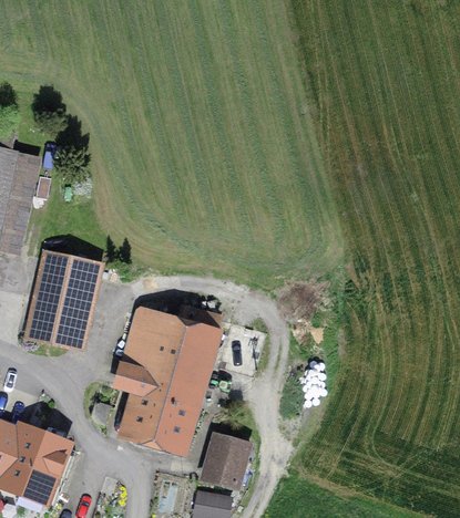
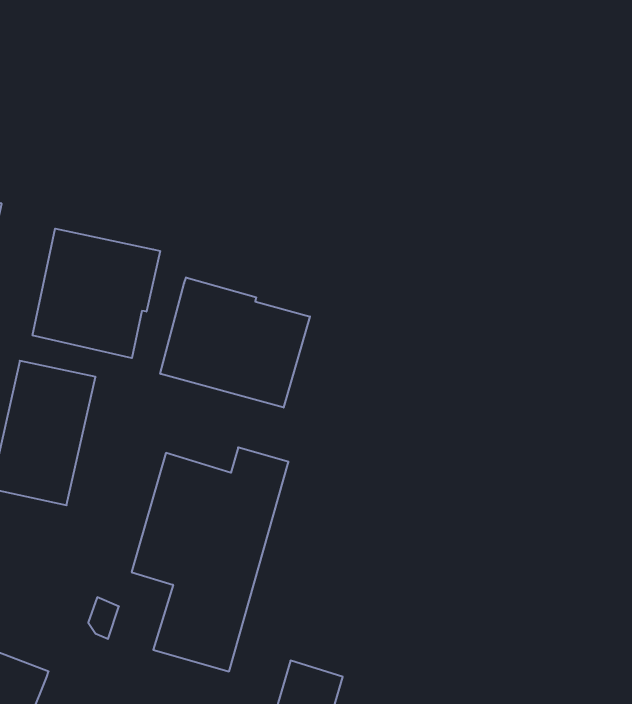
building: none -> [33,229,160,358]
building: none -> [160,277,310,408]

